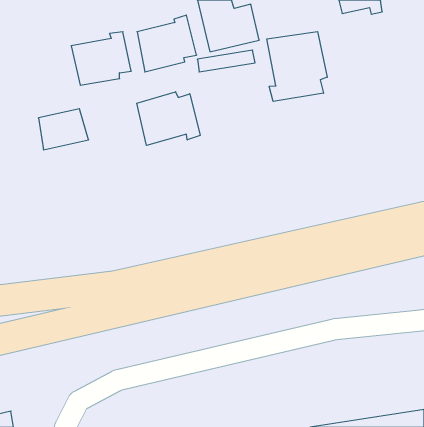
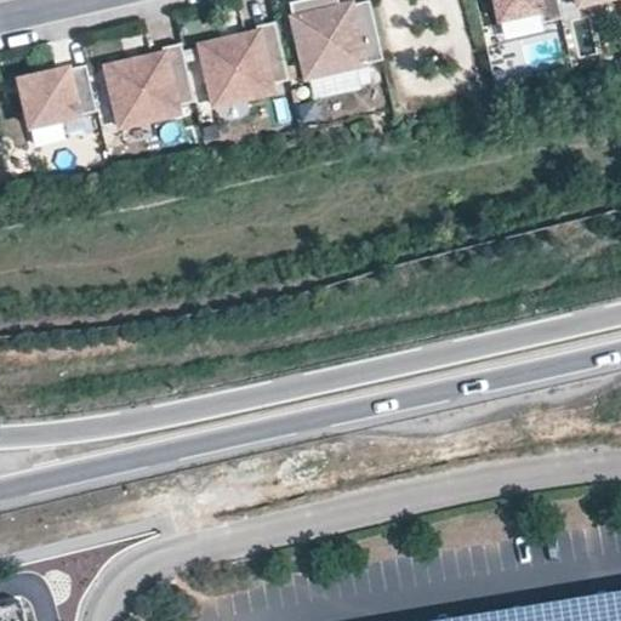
building: [267,32,327,101] -> none
building: [137,92,200,145] -> none
building: [38,109,89,150] -> [19,68,92,127]

